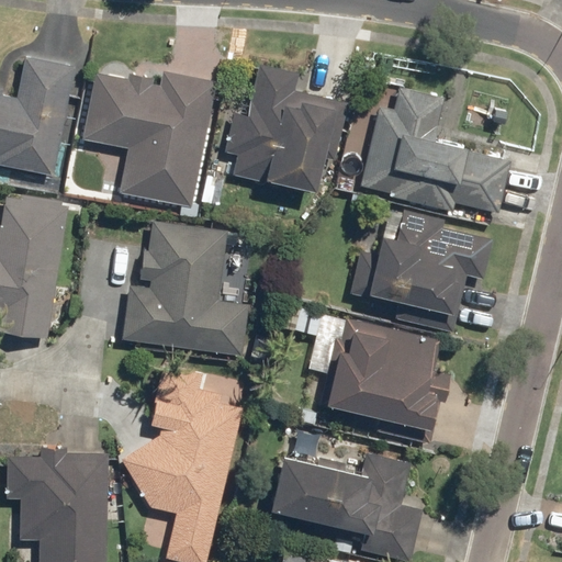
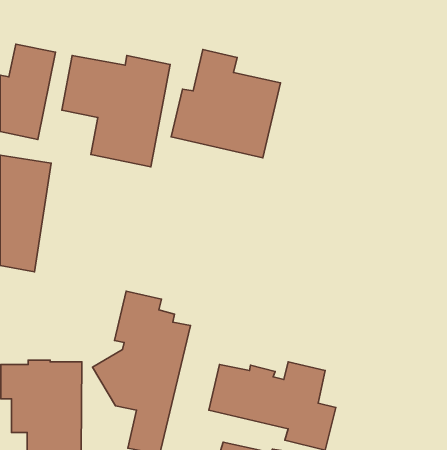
building: [358,86,512,213] -> none
building: [349,207,493,333] -> none
building: [121,220,249,357] -> none
building: [318,315,450,445] -> none

